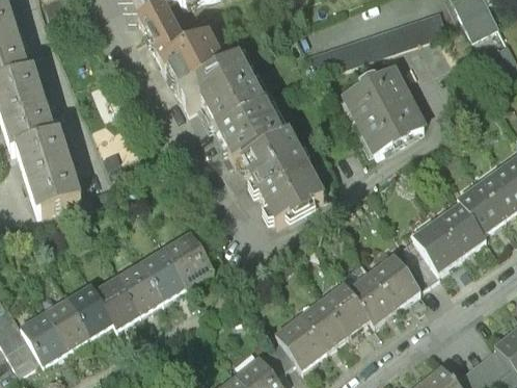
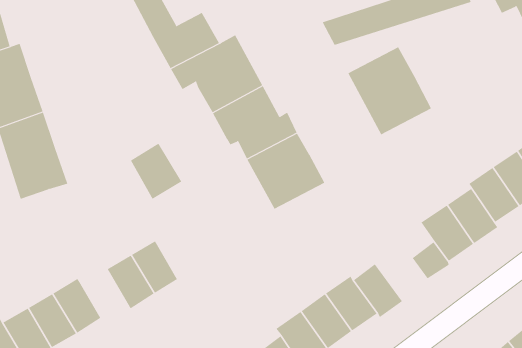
building: [164,233,213,286] -> [130,143,182,199]
building: [370,254,419,307] -> none
building: [94,277,140,328] -> none

